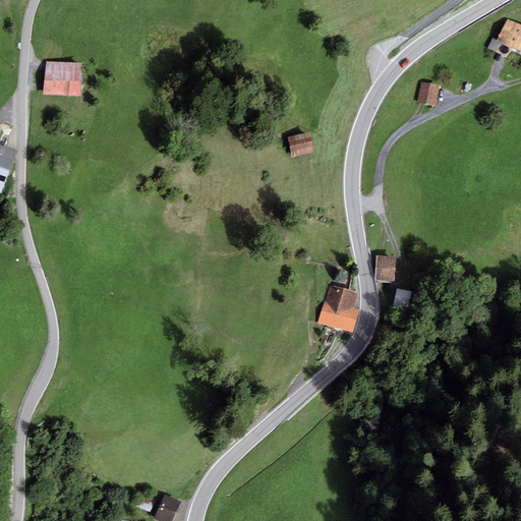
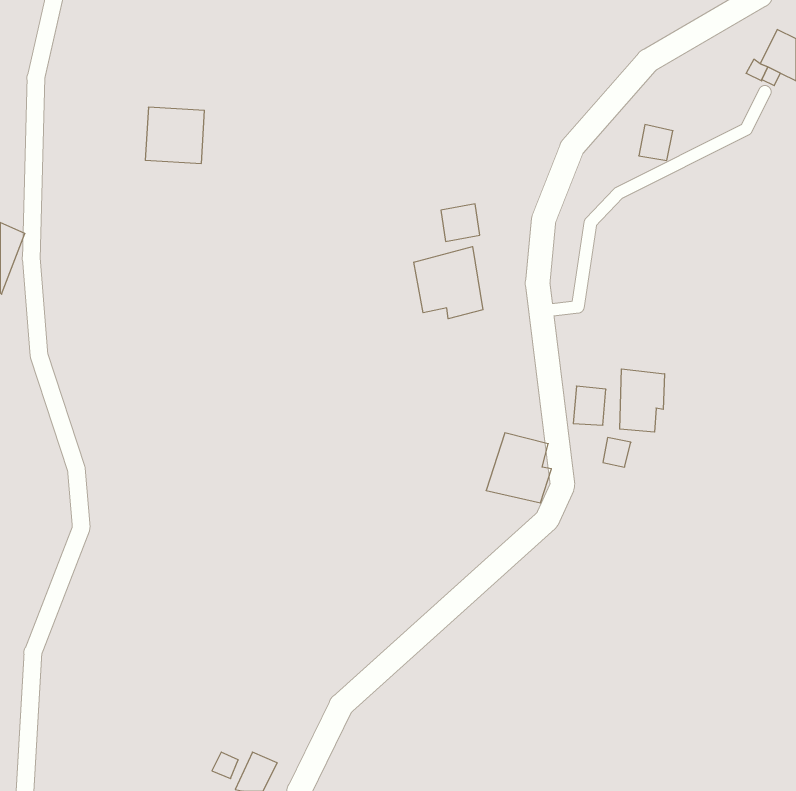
building: [43,62,81,99] -> [145,107,204,163]
building: none -> [414,247,483,319]
building: none -> [620,369,665,432]

